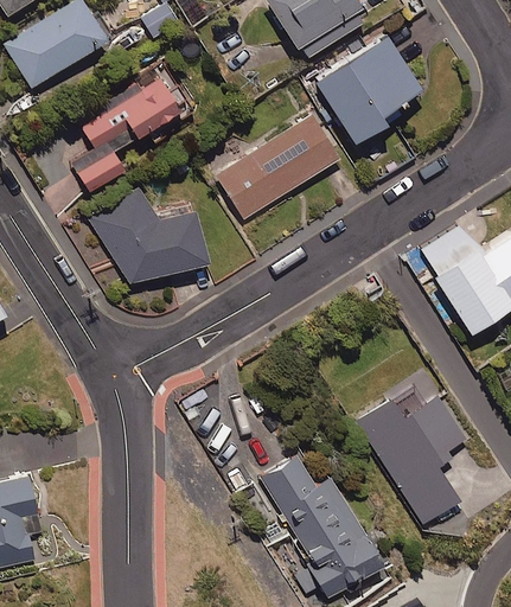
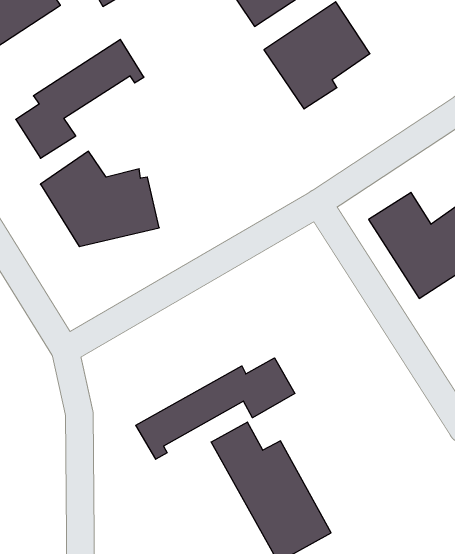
building: [216,113,340,219] -> none
building: none -> [136,358,295,459]
building: [357,396,470,524] -> none

